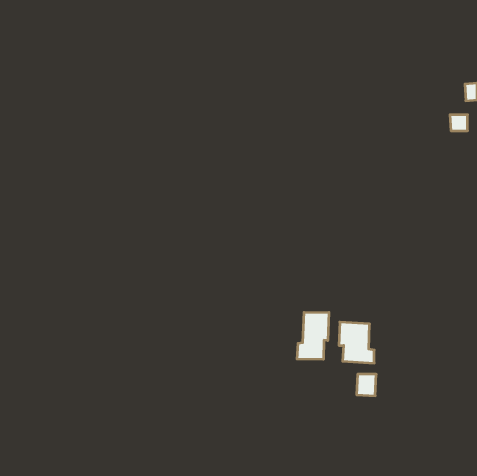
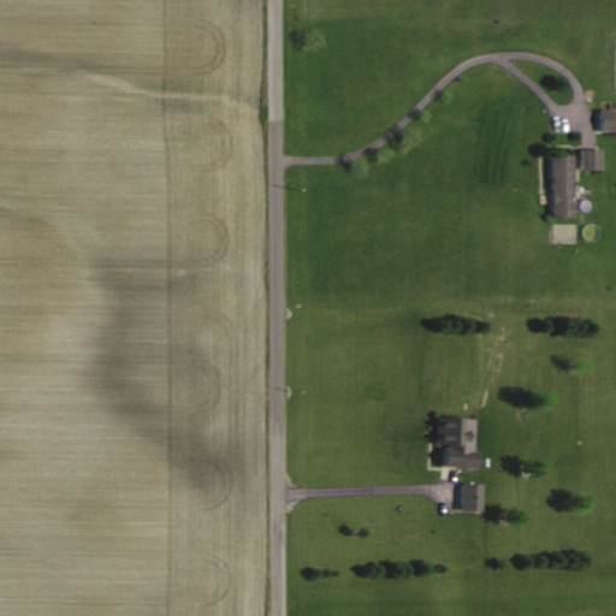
building: none -> [551,156,575,218]
building: [297,312,329,359] -> none

